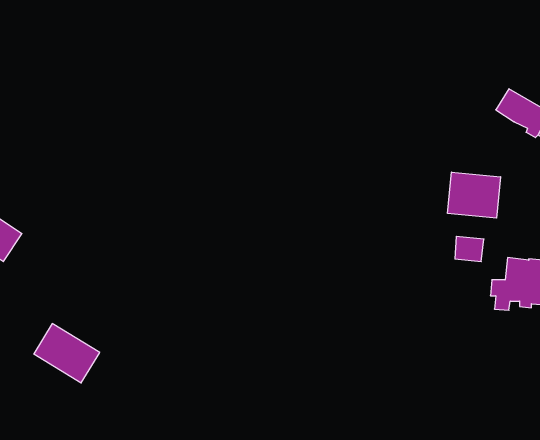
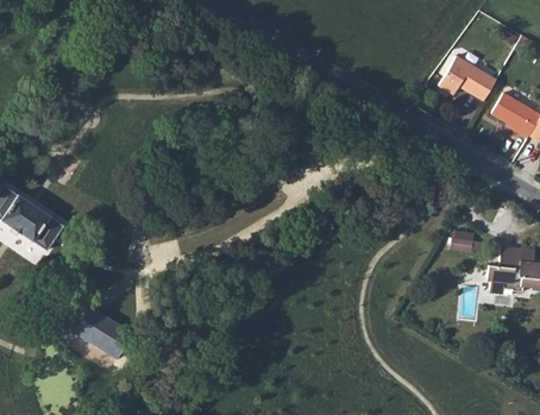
building: none -> [439,58,495,102]
building: [448,172,501,218] -> none

